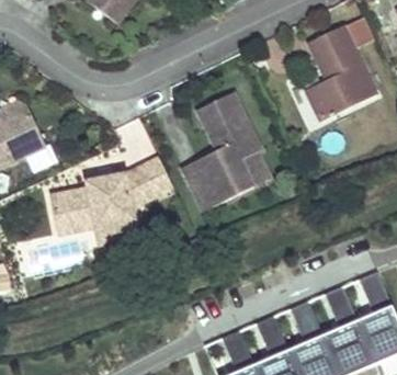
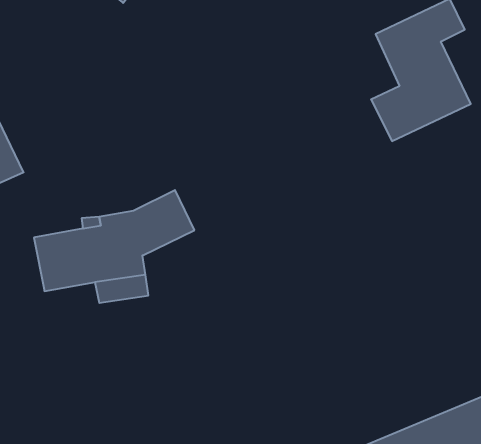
building: [183,90,272,208] -> none

